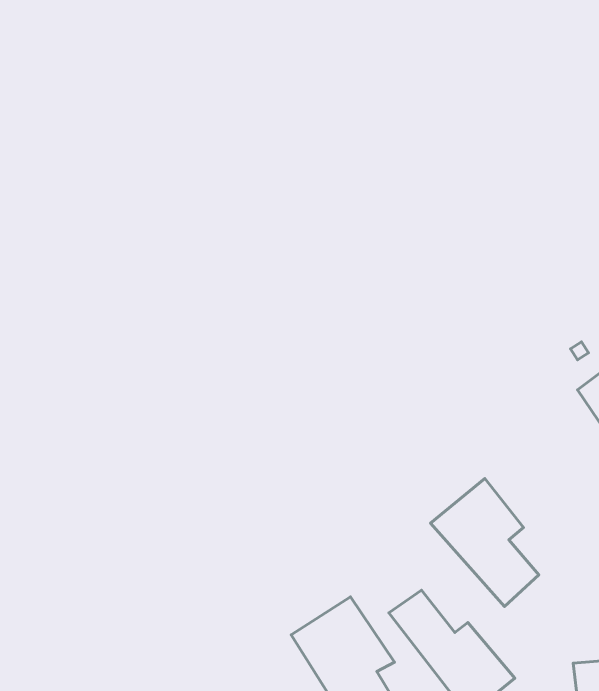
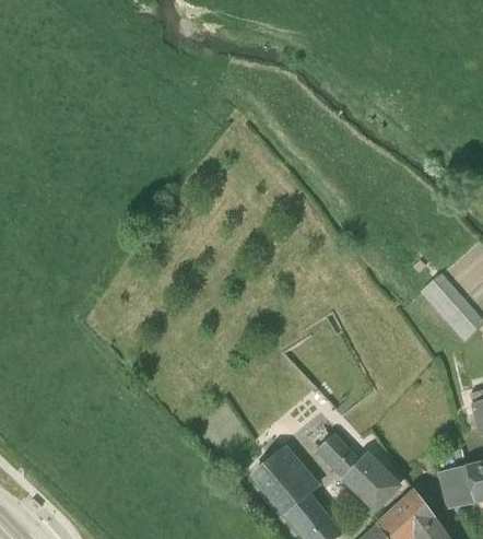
building: [430,479,539,606] -> none

